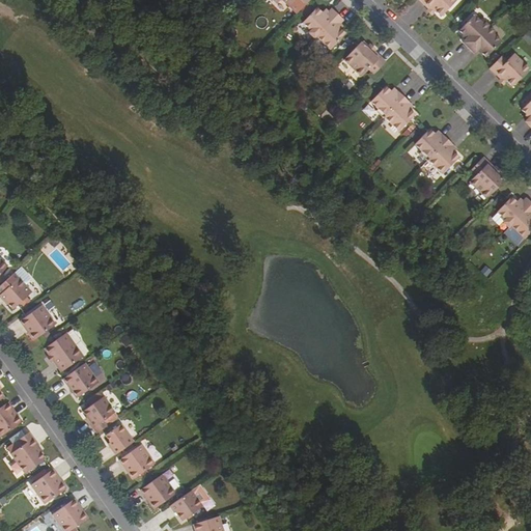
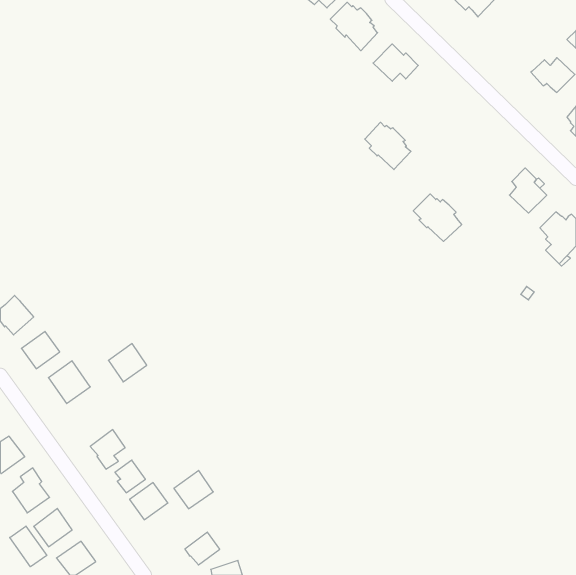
building: [458,13,501,56] -> none
building: [371,85,414,129] -> [365,122,411,170]
building: [414,128,458,171] -> [413,194,462,241]
building: [63,362,99,397] -> [108,344,147,382]
building: [140,473,176,508] -> [174,470,213,509]
building: none -> [10,526,47,567]

